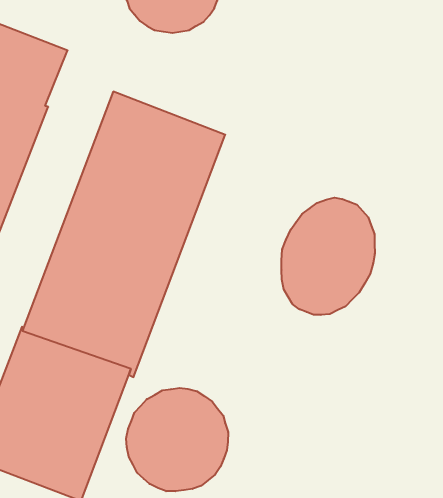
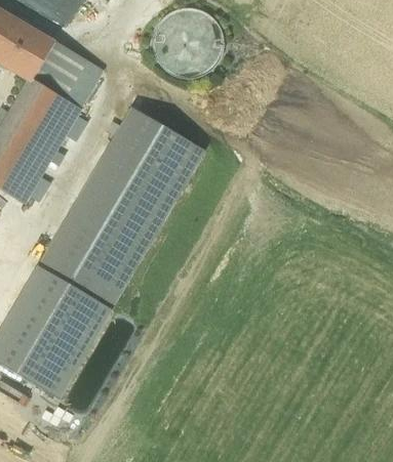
building: [281,198,375,315] -> none
building: [126,388,228,491] -> none

